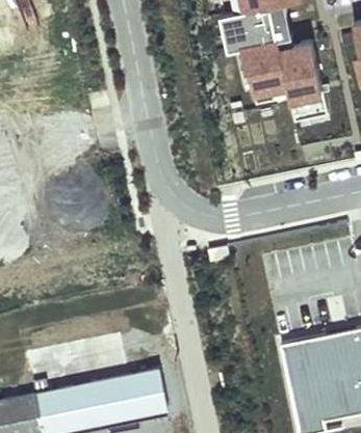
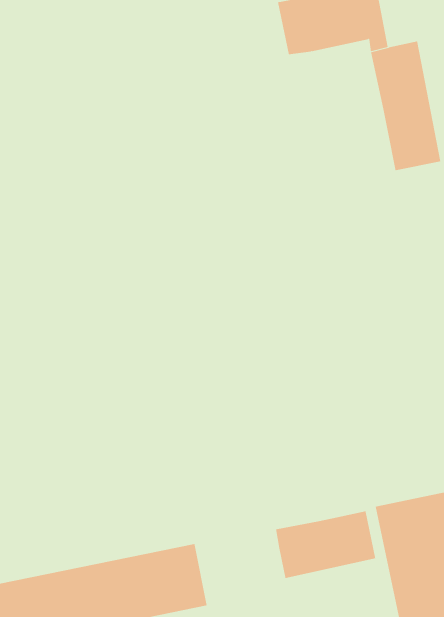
building: [237,32,288,102] -> none
building: none -> [275,511,376,579]

